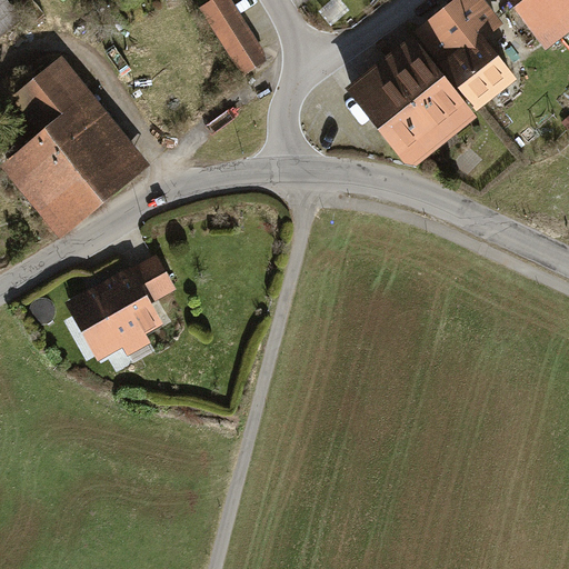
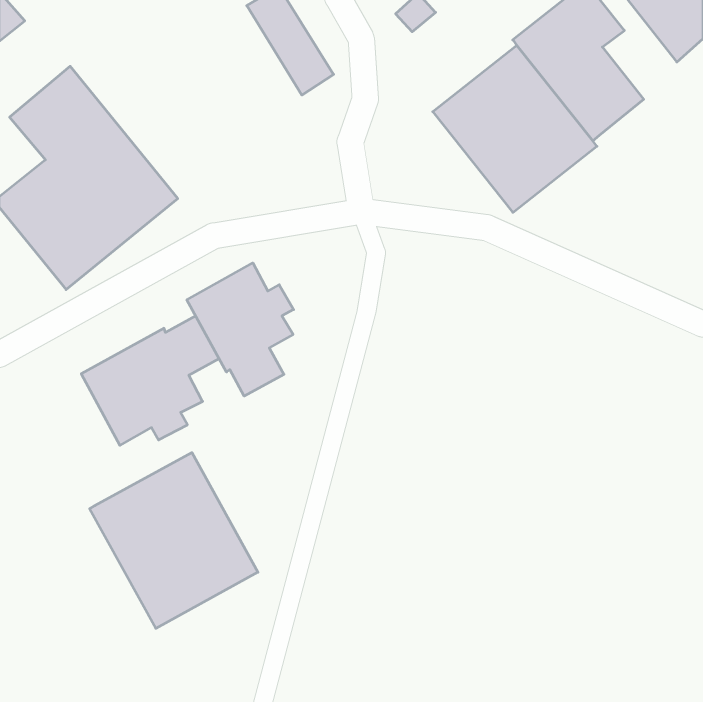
building: none -> [187,263,294,396]
building: none -> [90,453,258,628]

